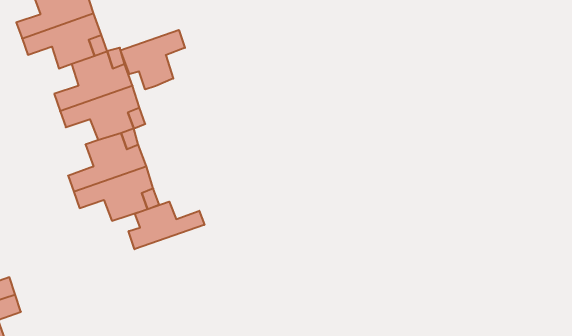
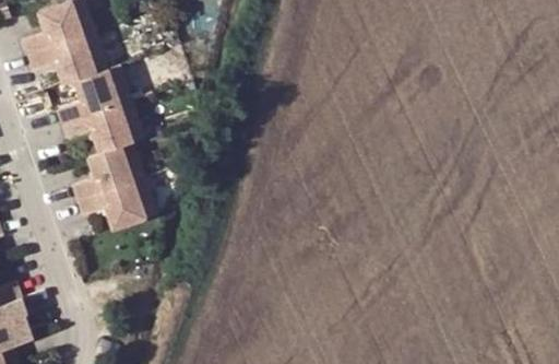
building: [121,30,185,89] -> none
building: [129,202,204,249] -> none

